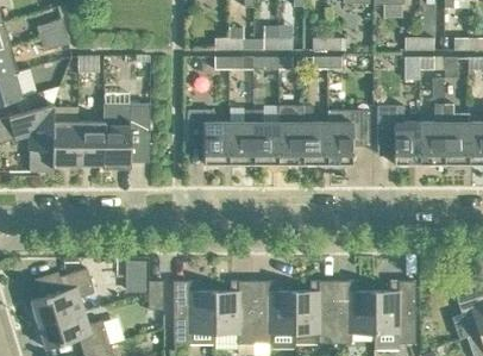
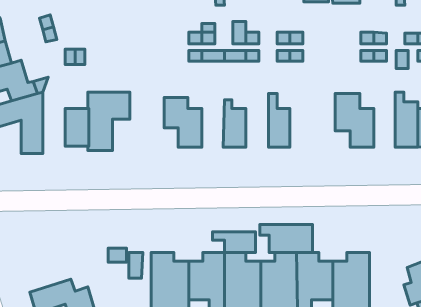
building: [419,104,443,164] -> none
building: [277,105,302,164] -> none
building: [326,110,369,164] -> none
building: [228,112,253,164] -> none
building: [52,121,77,163] -> none
building: none -> [260,224,313,252]
building: none -> [213,232,255,252]
building: [30,268,94,325] -> none

